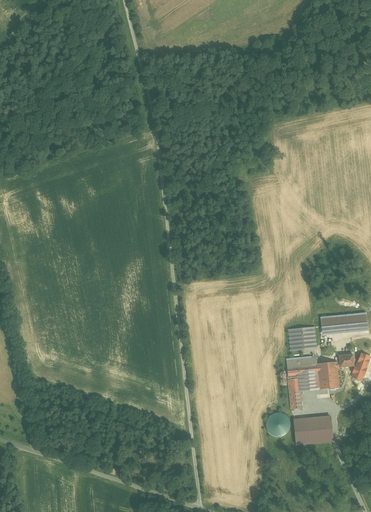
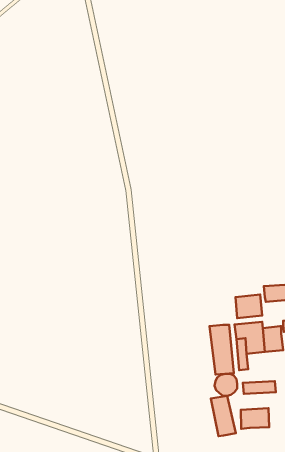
building: none -> [210,325,234,374]
building: none -> [211,396,236,436]
building: none -> [241,408,269,429]

